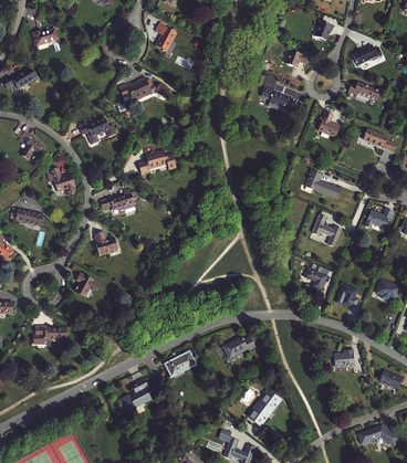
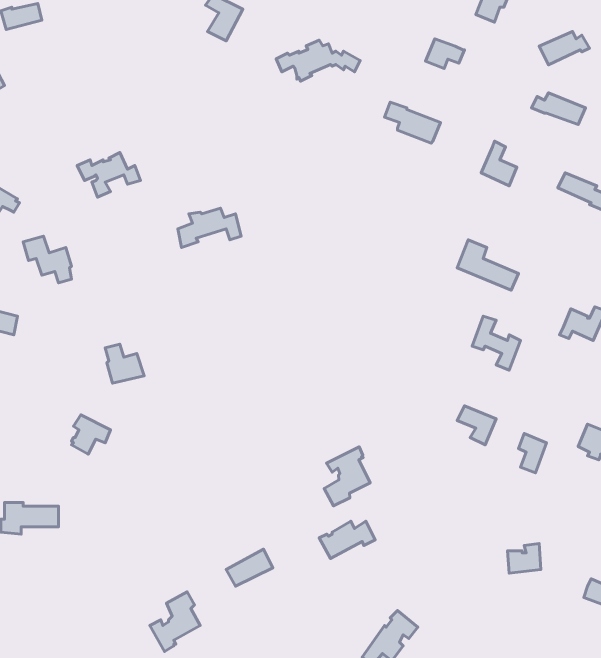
building: [119,76,169,101] -> [276,40,360,81]
building: [101,188,137,211] -> none
building: none -> [324,447,370,506]

